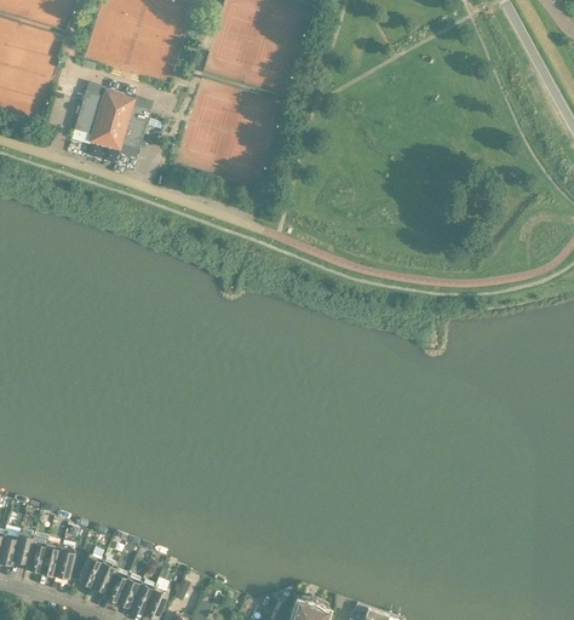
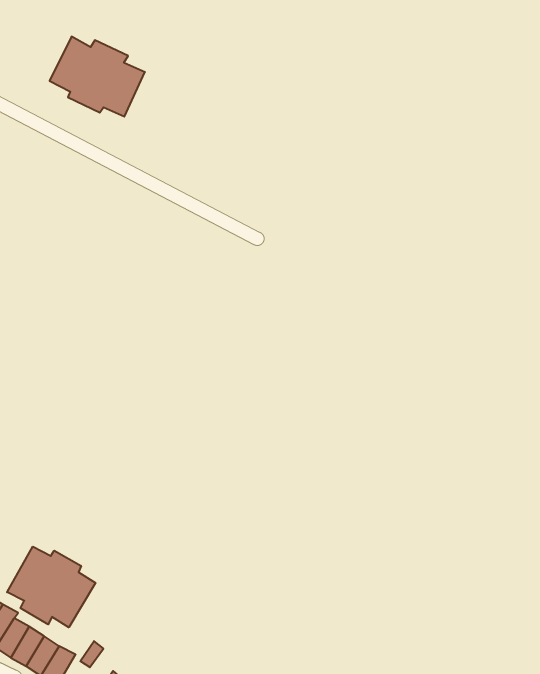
building: none -> [7,547,95,627]

